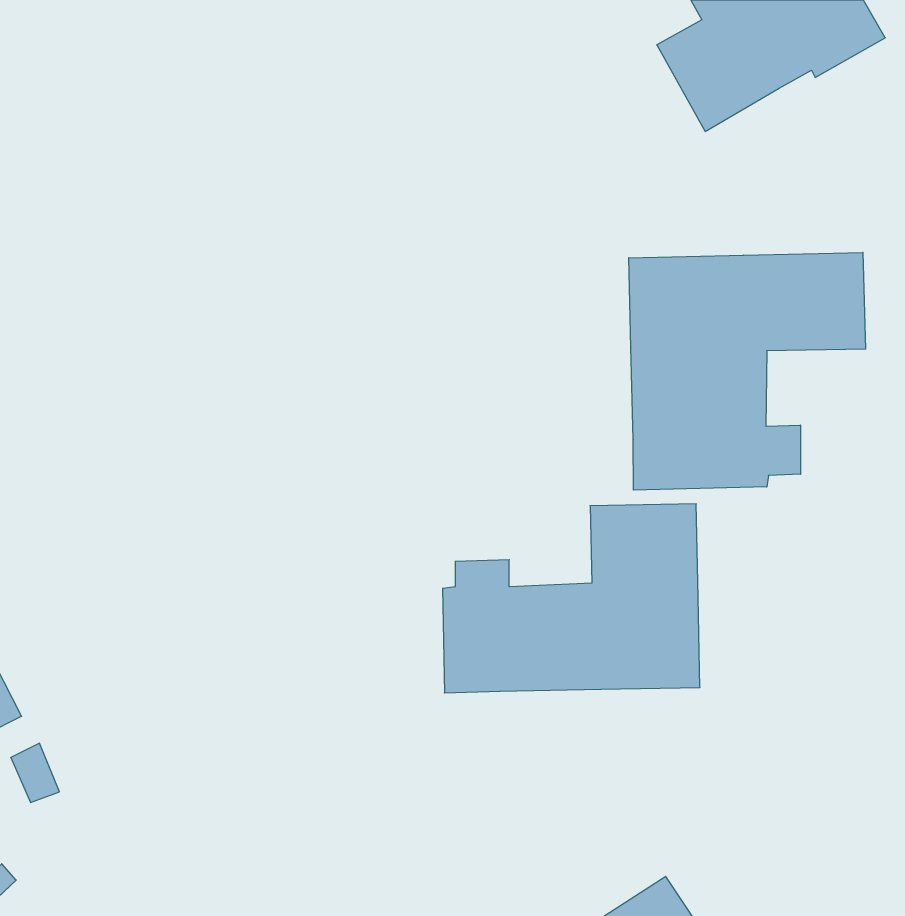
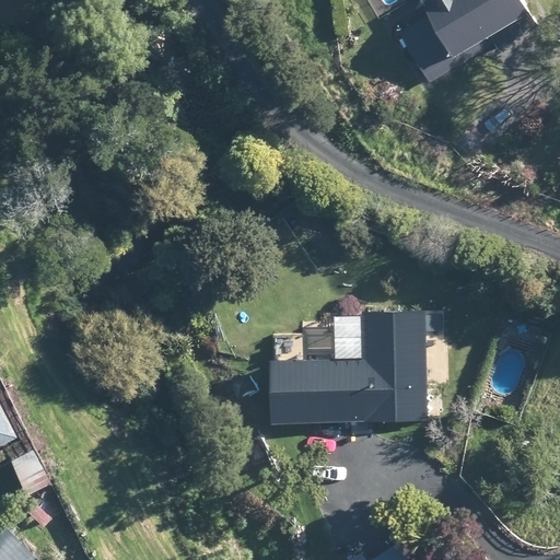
building: [629,252,866,490] -> none

